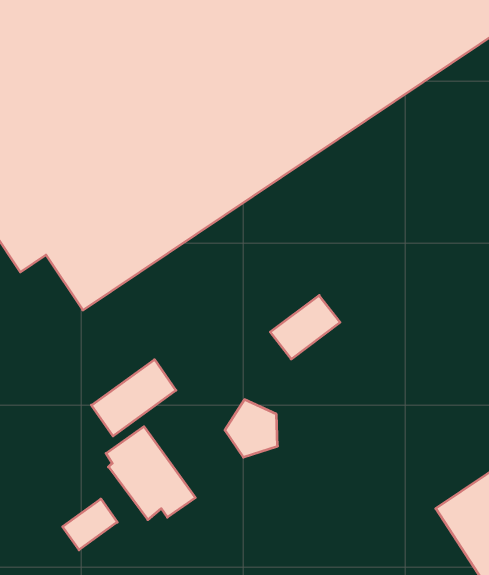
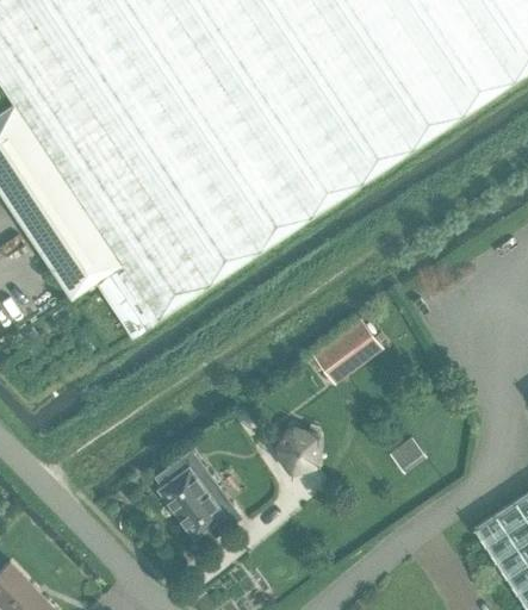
building: [91,360,176,436] -> none
building: [63,499,117,550] -> none

